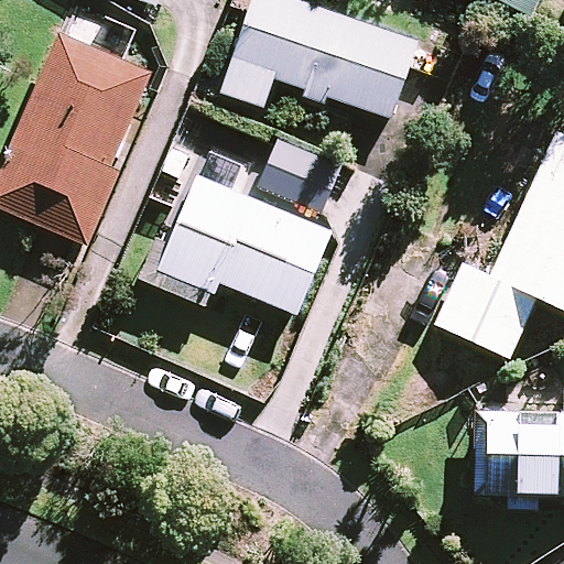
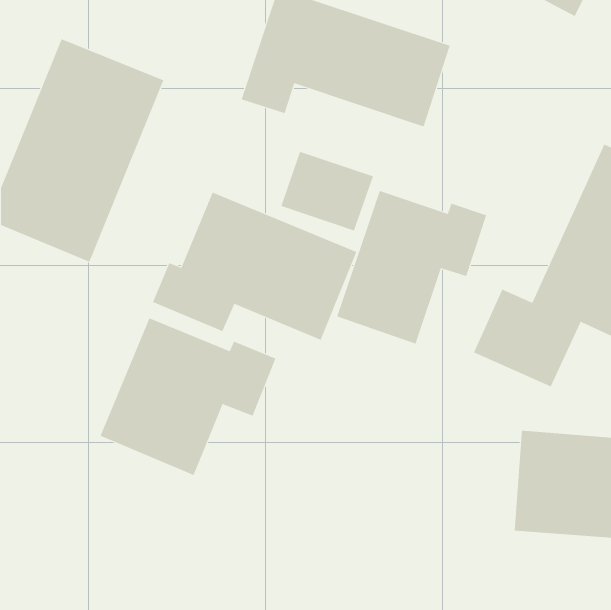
building: none -> [336,190,487,344]
building: none -> [100,317,276,476]

